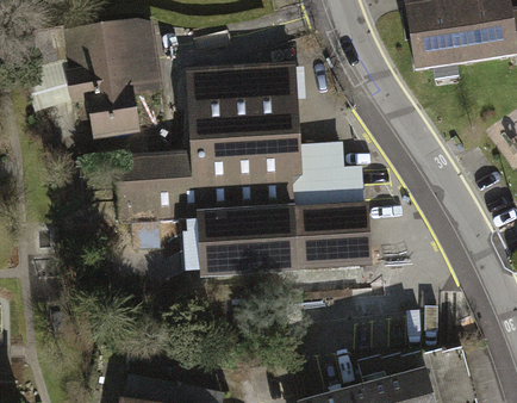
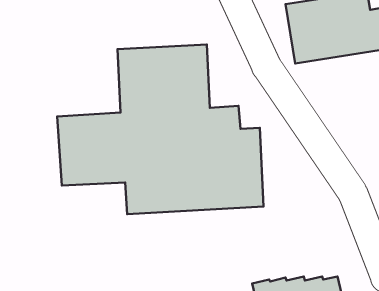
building: [60,20,157,138] -> none

